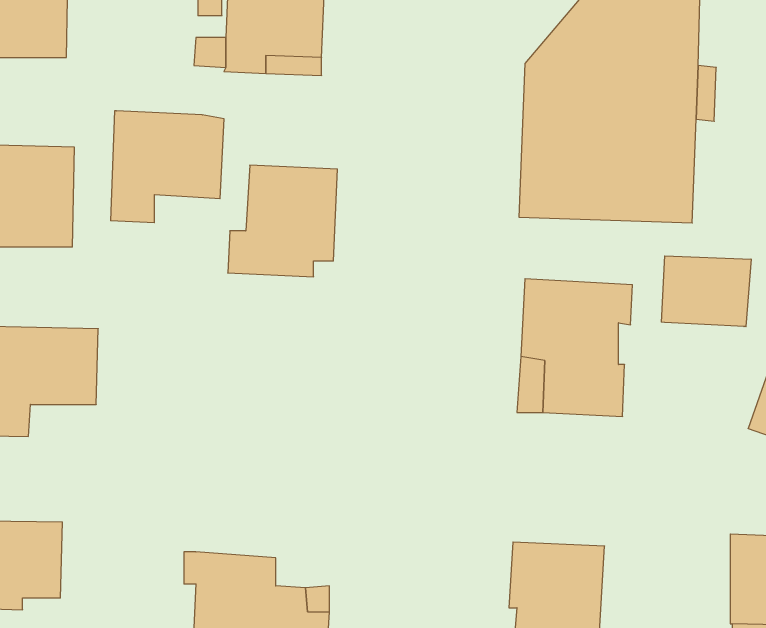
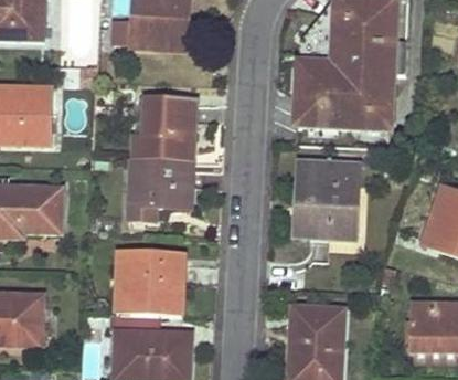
building: [111,111,224,223] -> [130,157,193,219]
building: [661,256,751,327] -> none
building: none -> [116,251,184,315]

